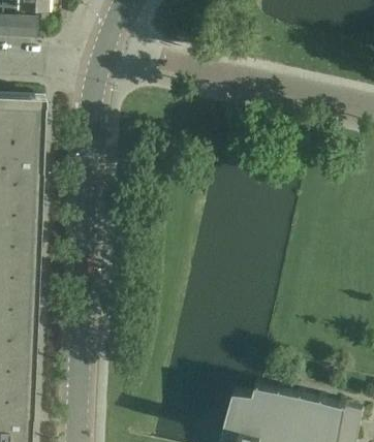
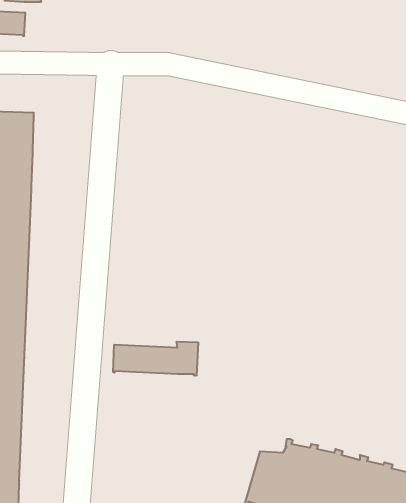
building: none -> [113,342,198,376]

